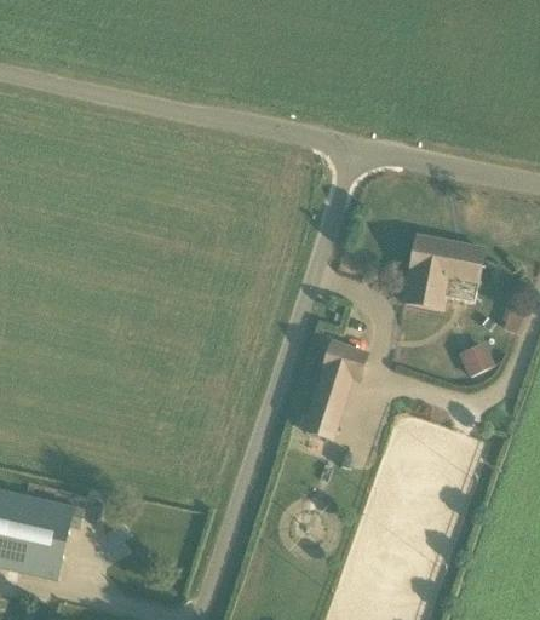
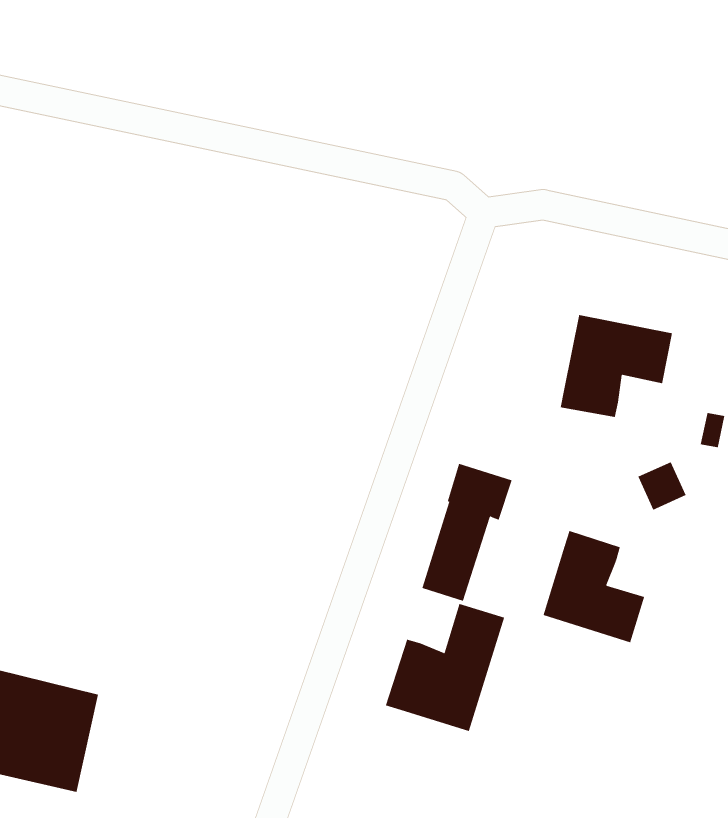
building: none -> [543,530,645,643]
building: none -> [385,603,505,732]

